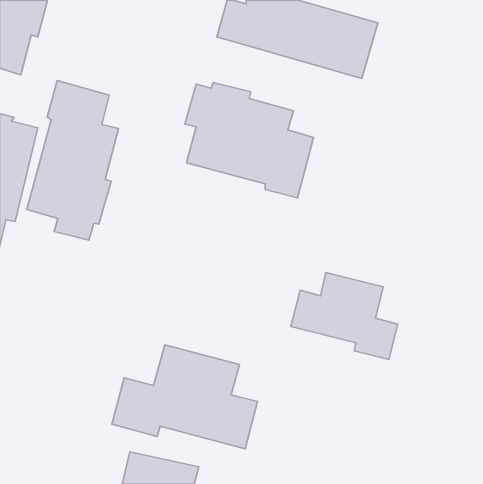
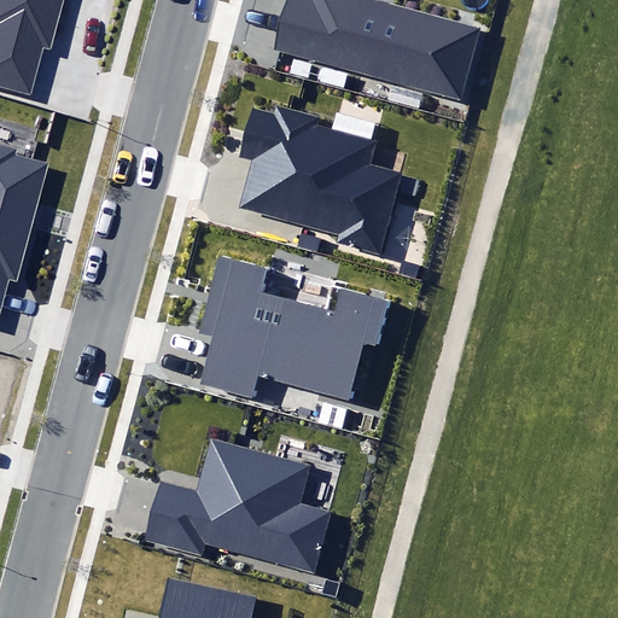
building: [27,80,119,240] -> none
building: none -> [199,256,391,401]
building: [291,272,398,360] -> none

